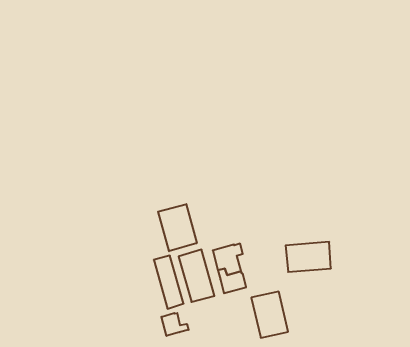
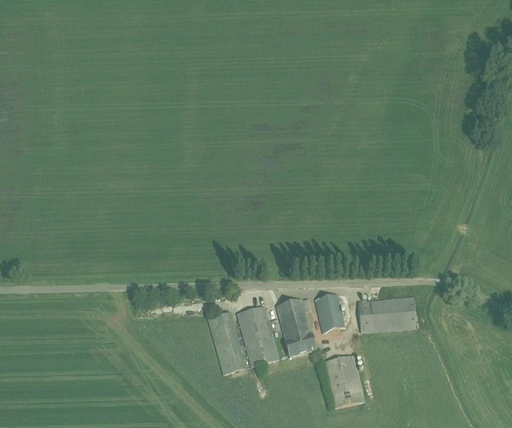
building: [158,204,197,251] -> none
building: none -> [314,294,344,332]
building: [161,313,189,336] -> none

